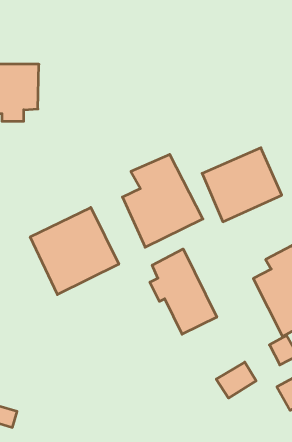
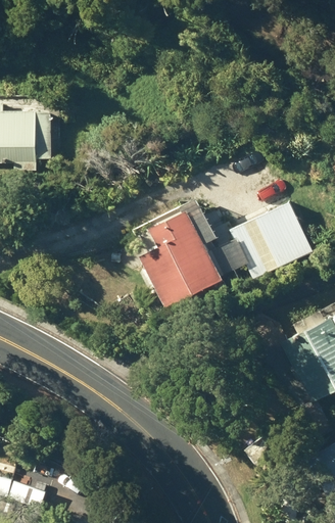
building: [30,207,119,295] -> none
building: [150,249,217,334] -> none

